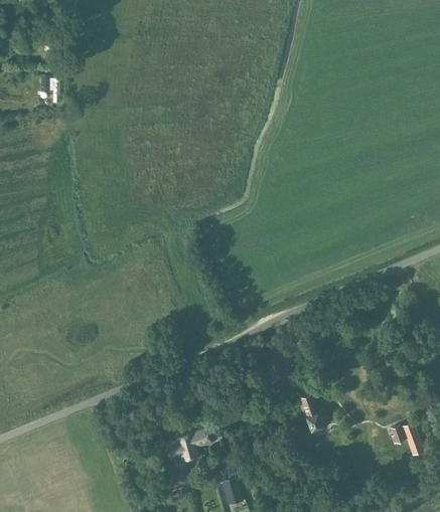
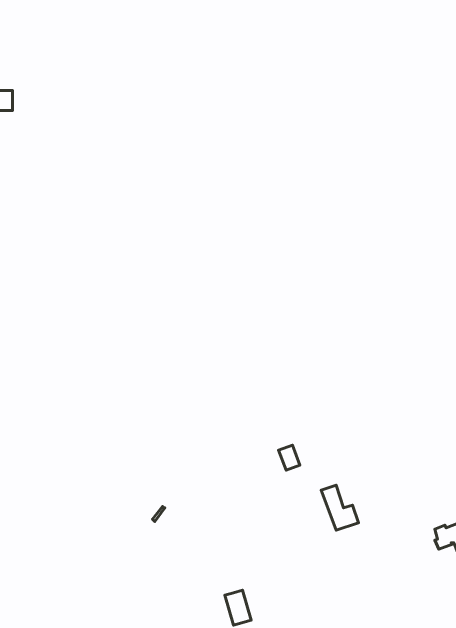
building: [167,432,209,464] -> none

